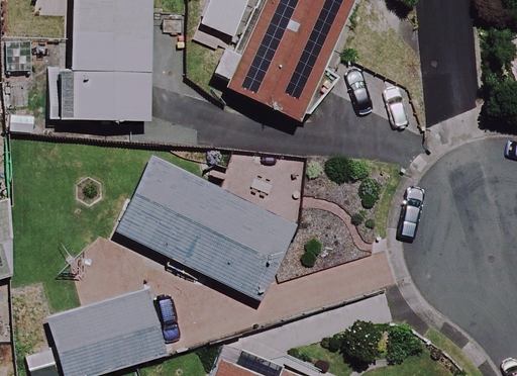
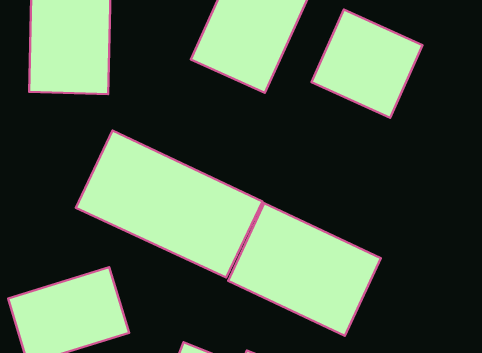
building: none -> [312,10,423,118]
building: none -> [228,203,381,336]

